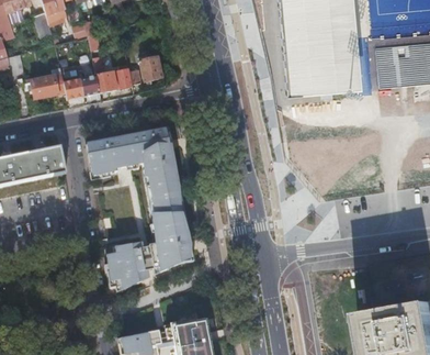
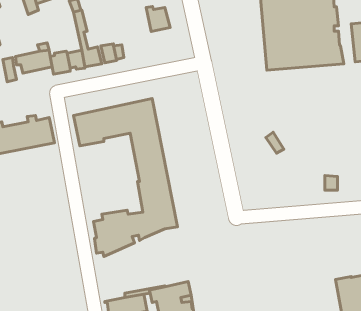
building: [136,55,161,81] -> [146,6,170,32]

